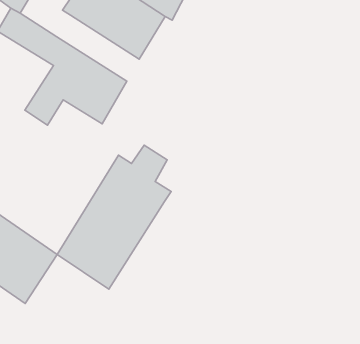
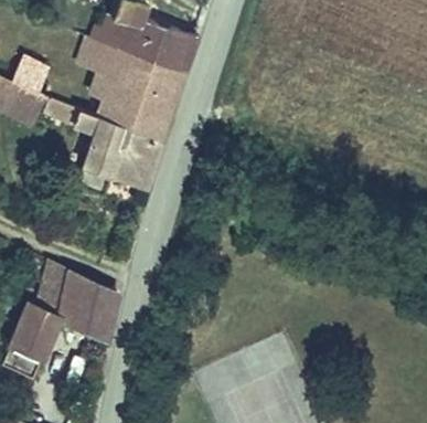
building: none -> [93,87,168,137]
building: [57,145,171,289] -> none

